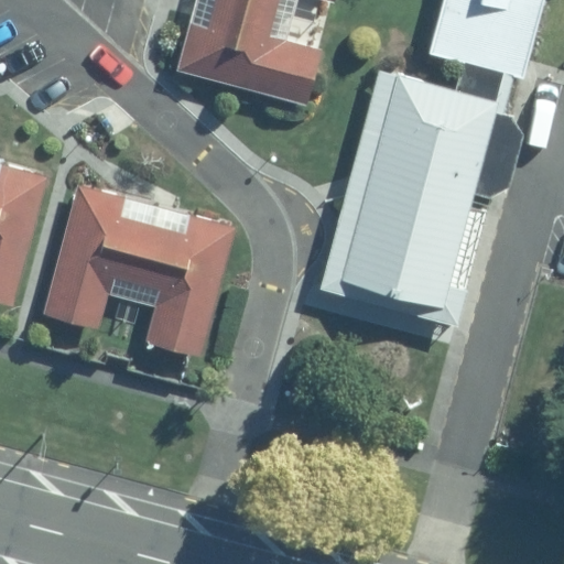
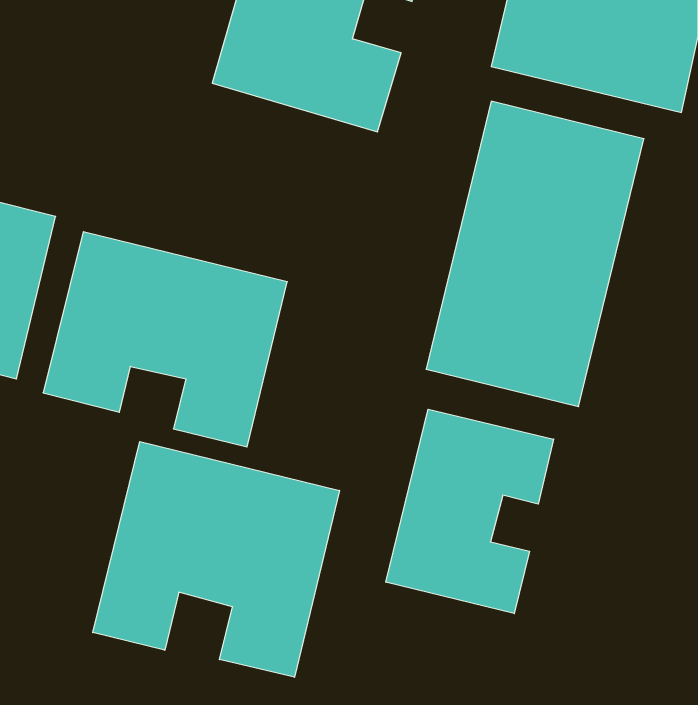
building: none -> [386,409,554,614]
building: none -> [93,442,339,677]

